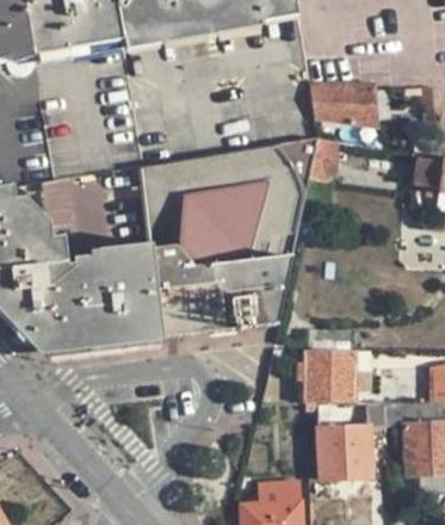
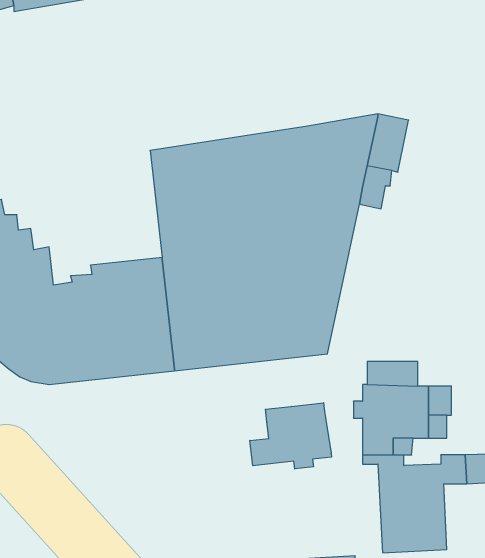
building: [309,84,379,125] -> none
building: none -> [250,403,331,469]

